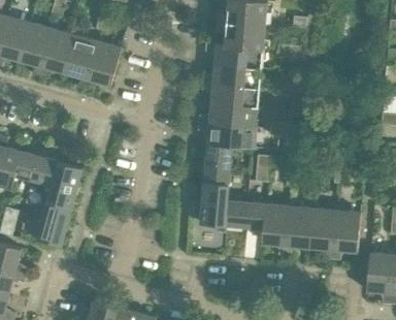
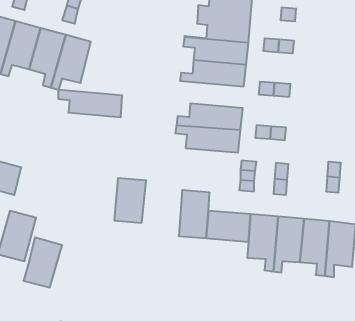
building: [201,83,259,107] -> [58,90,122,117]
building: [203,143,232,184] -> [114,178,146,223]
building: [47,161,82,206] -> [23,237,62,288]

